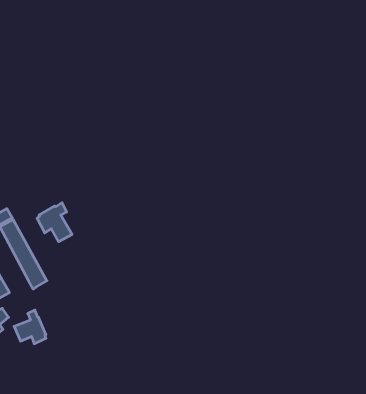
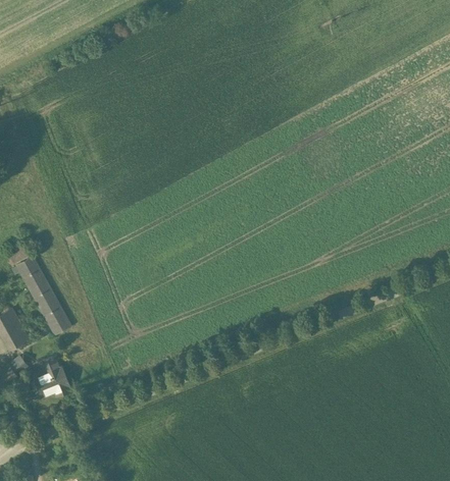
building: [37,203,72,242] -> none

